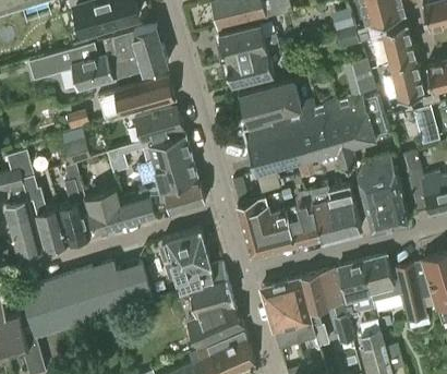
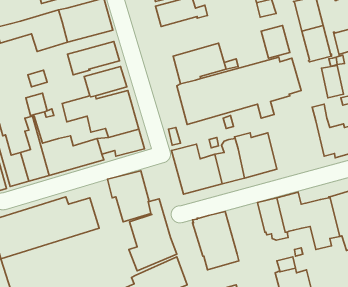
building: [225,49,274,86] -> none
building: [358,157,409,230] -> none
building: [300,269,352,347] -> none

